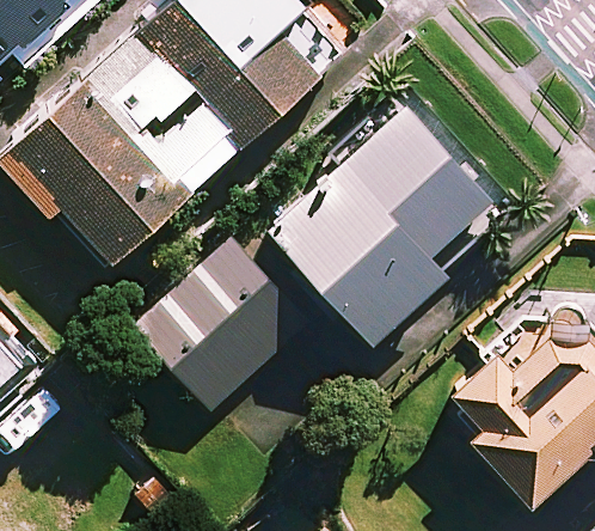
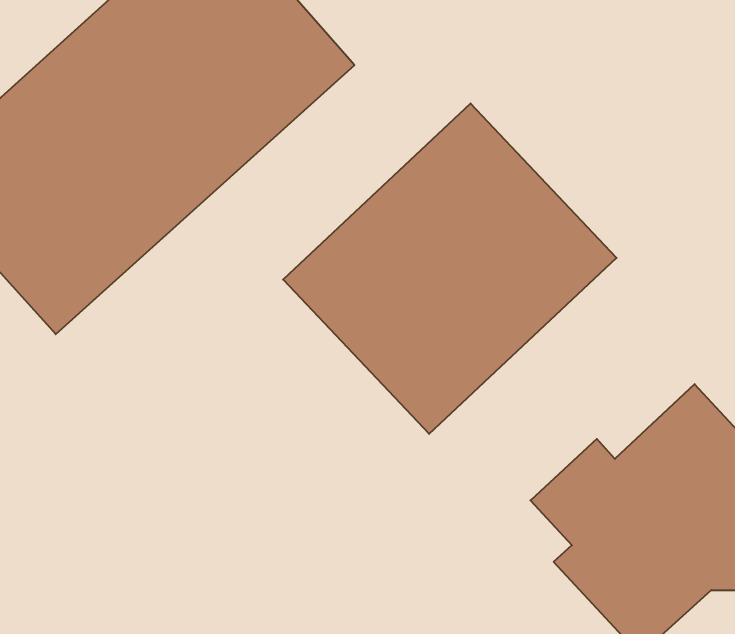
building: [131,240,306,414] -> none

